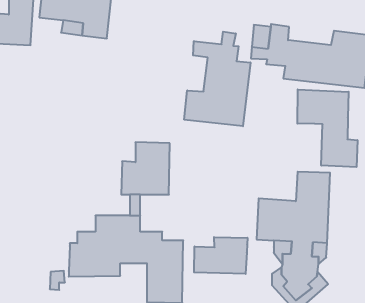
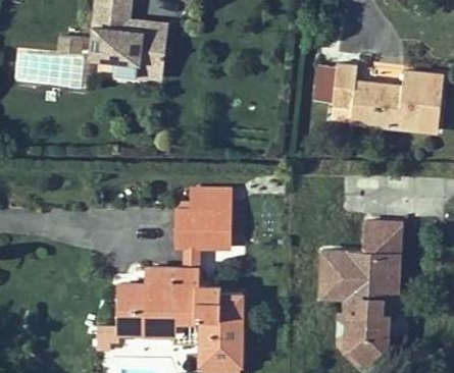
building: [184,32,250,126] -> none
building: [297,89,357,167] -> none
building: [194,237,247,274] -> none

